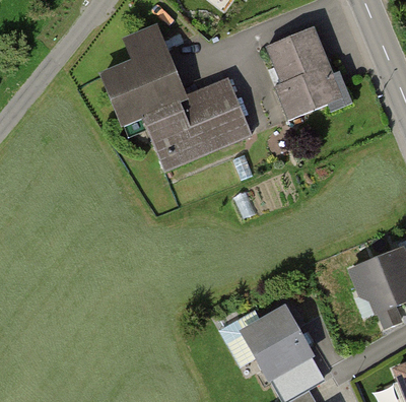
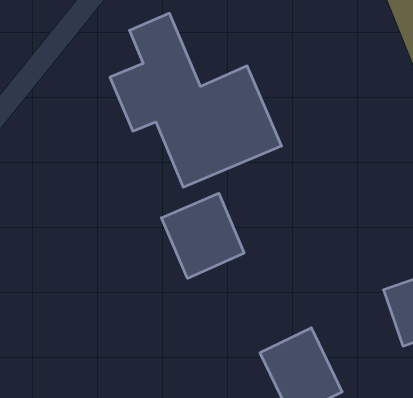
building: [270,31,347,125] -> none
building: none -> [161,193,244,278]

